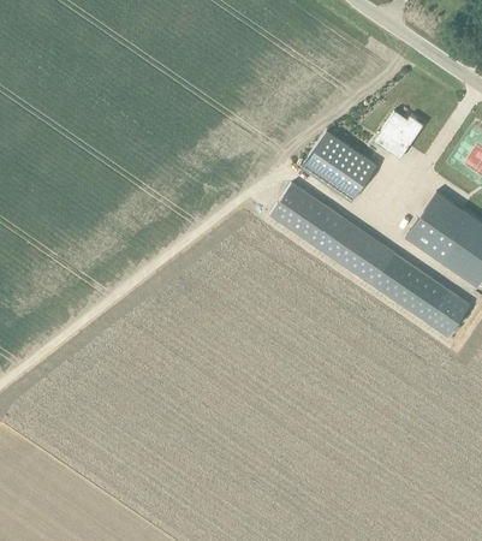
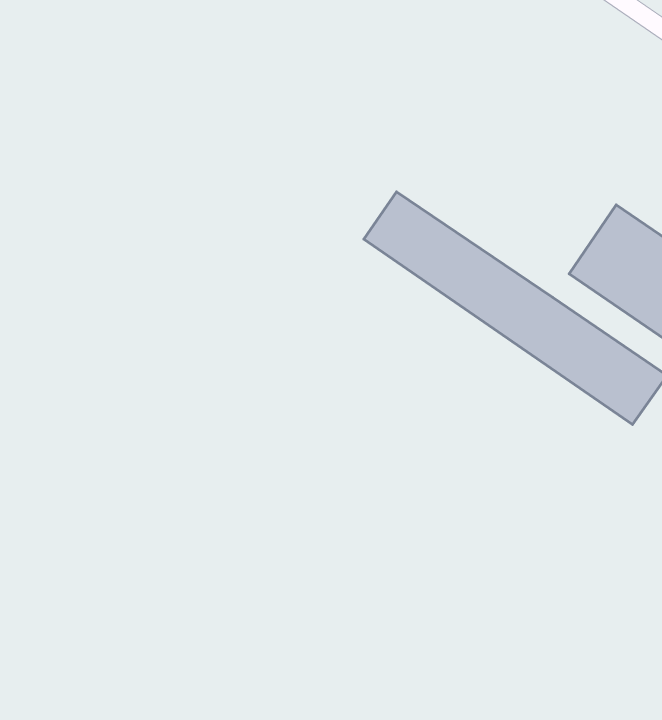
building: [375,111,424,160] -> none
building: [303,132,377,202] -> none

